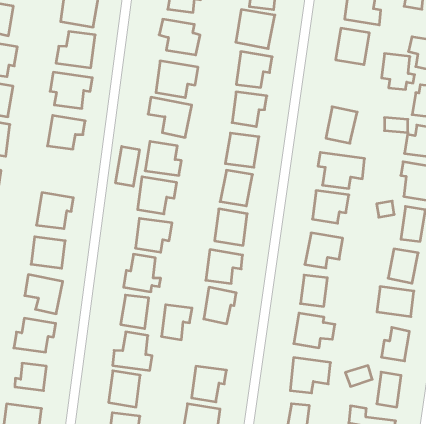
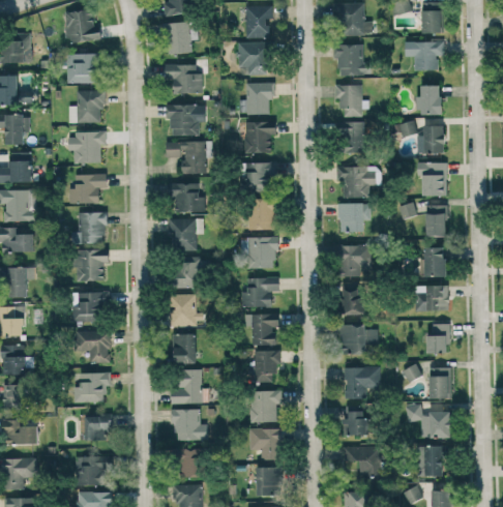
building: [382,54,415,89] -> [336,84,368,117]
building: [116,146,139,186] -> none
building: none -> [77,212,106,243]
building: [161,305,192,340] -> [255,350,280,382]

